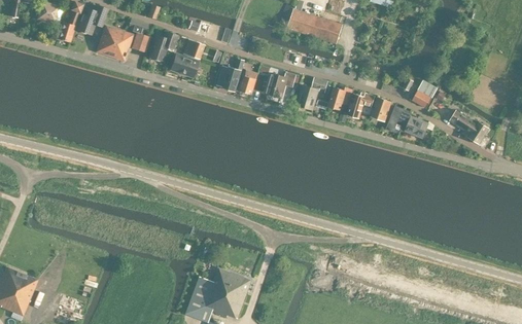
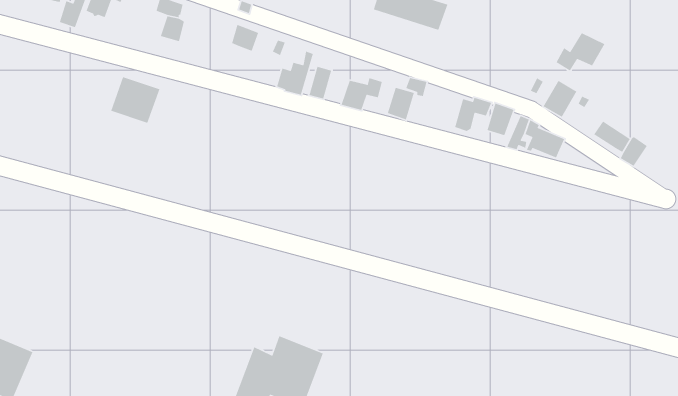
building: [96,26,133,61] -> [110,76,161,124]
building: [148,32,177,62] -> none
building: none -> [555,32,606,72]
building: [170,53,199,78] -> none
building: [327,86,352,110] -> none

